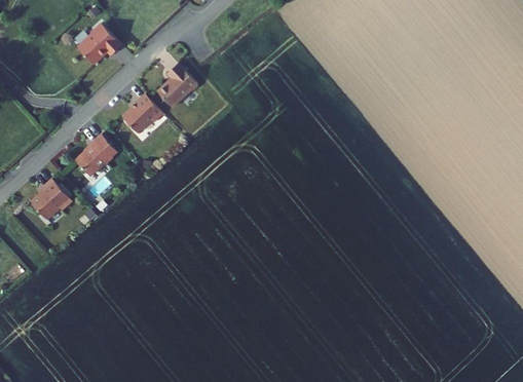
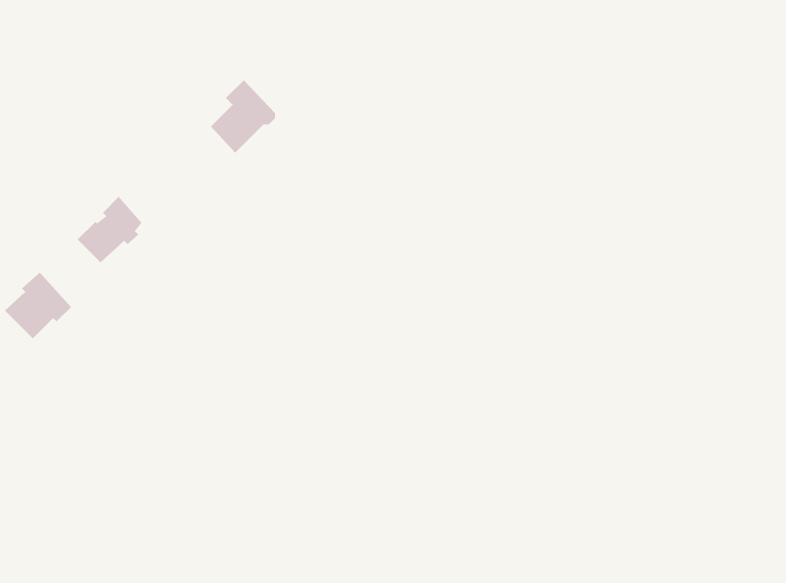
building: [78,23,122,64] -> none
building: [121,94,162,133] -> none

